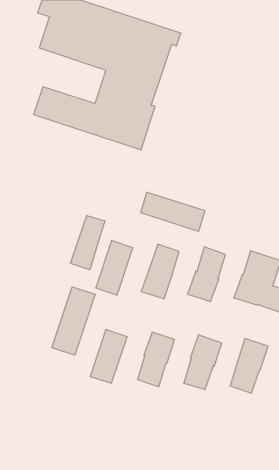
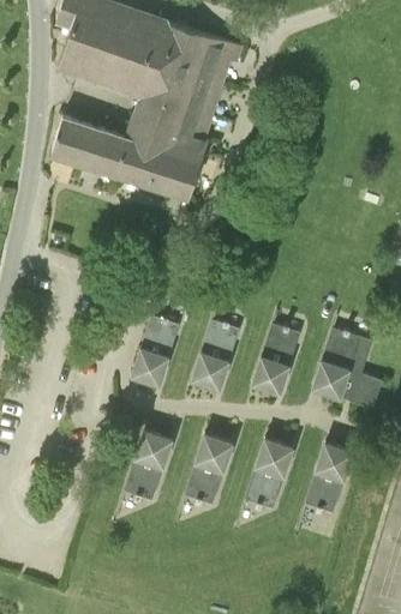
building: [141,192,205,231] -> none
building: [71,215,105,270] -> none
building: [52,287,95,355] -> none

